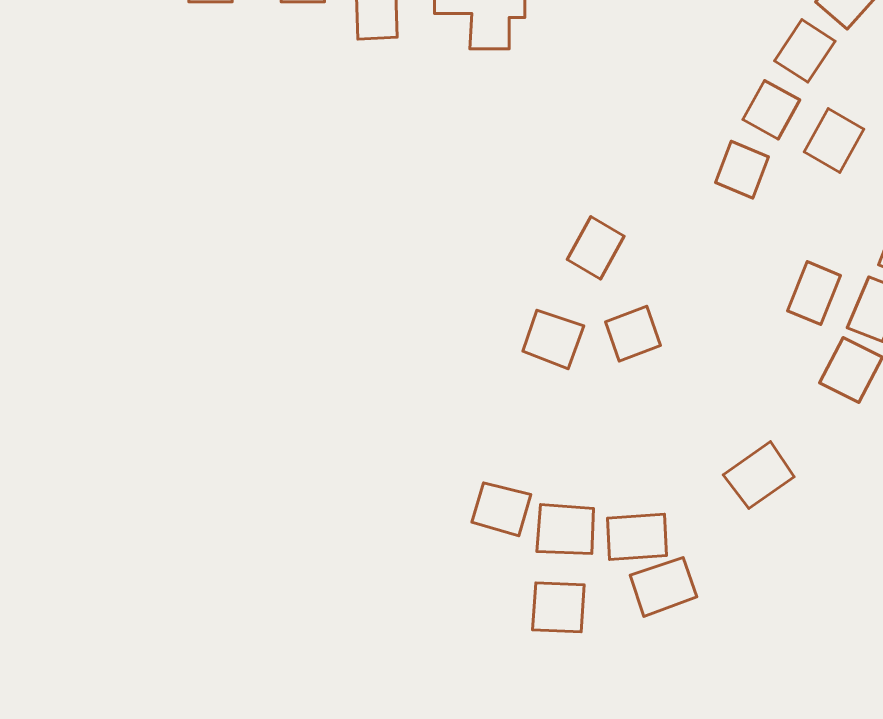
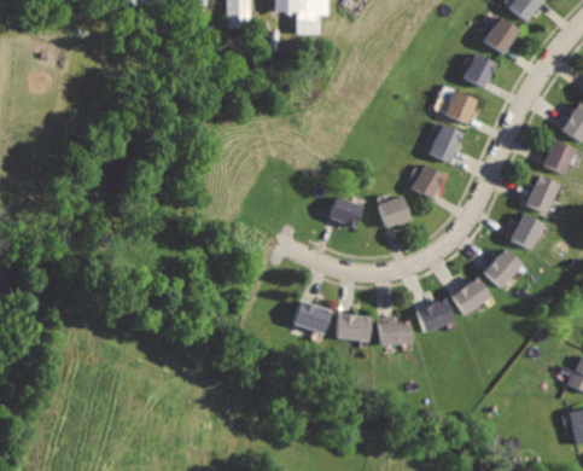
building: [804,108,864,172] -> none
building: [567,216,624,279] -> [412,163,447,202]
building: [788,262,841,324] -> [430,124,462,163]
building: none -> [484,249,523,287]
building: [630,558,697,616] -> [415,298,456,335]
building: [533,583,584,632] -> none

